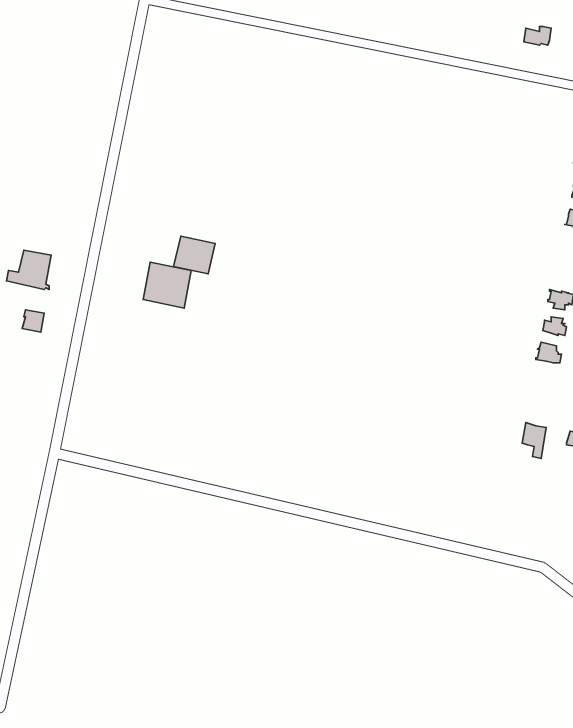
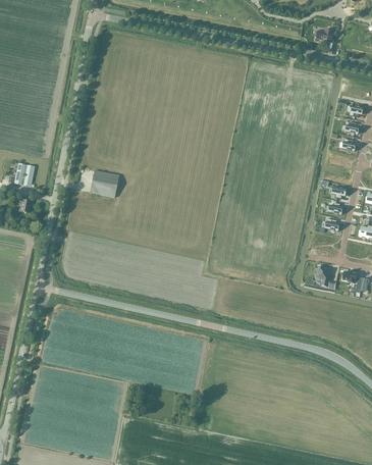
building: [174,236,215,274] -> none

